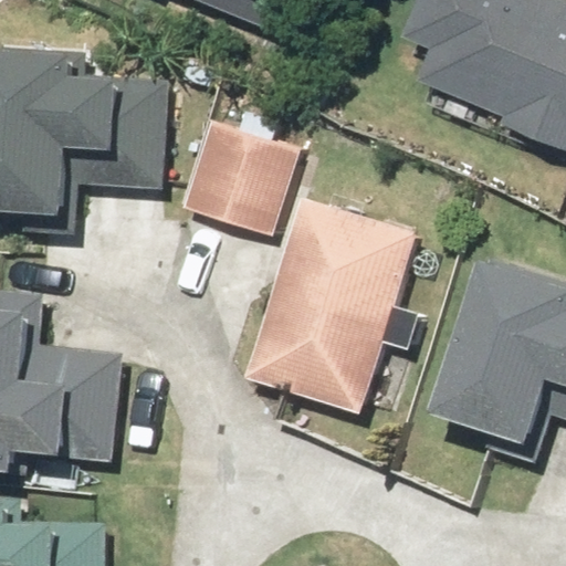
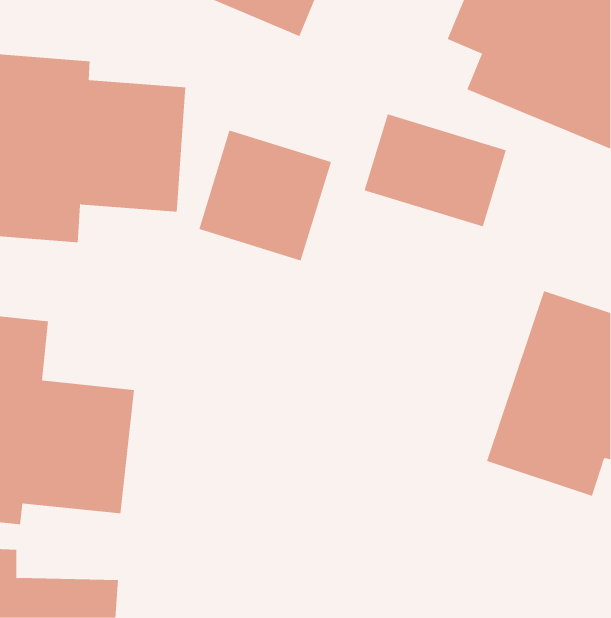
building: none -> [364,114,507,227]
building: [248,197,417,413] -> none

